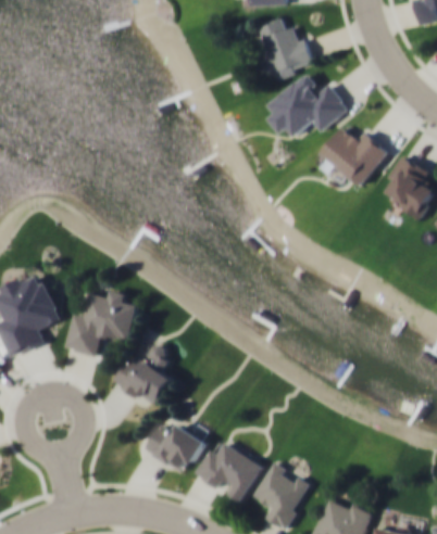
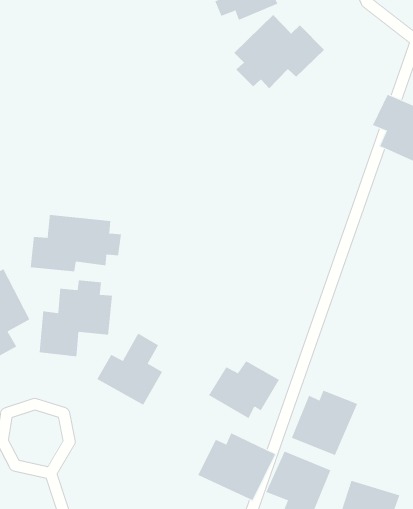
building: [320,127,391,190] -> none
building: none -> [30,214,121,272]
building: none -> [291,390,358,456]
building: [141,423,207,475] -> [208,361,280,419]

